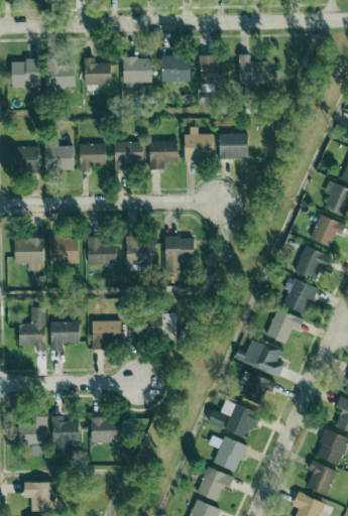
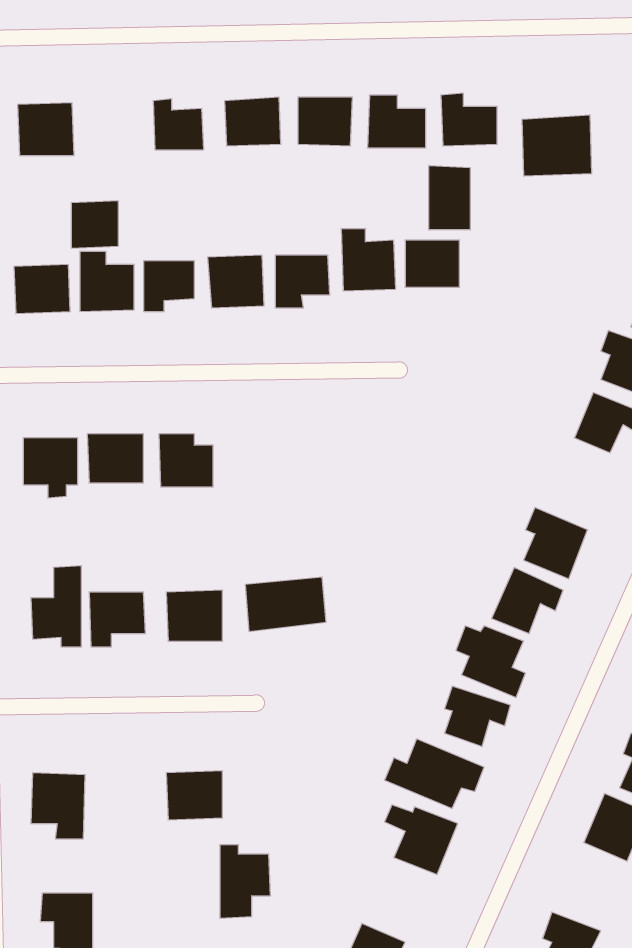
building: [49,61,75,87] -> [71,201,118,248]
building: none -> [522,115,592,176]
building: none -> [429,165,470,230]
building: [163,237,194,272] -> none
building: [126,239,155,264] -> none
building: [295,245,332,280] -> none
building: [52,416,80,456] -> [220,845,271,918]
building: [306,461,336,495] -> none
building: [196,467,234,502] -> none

